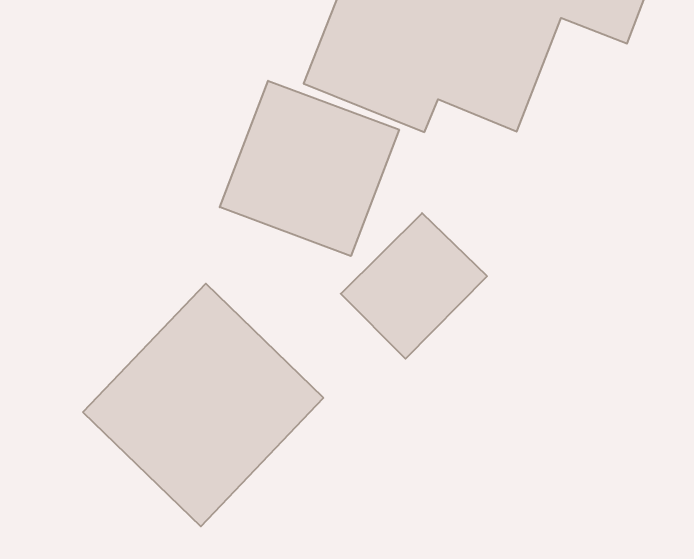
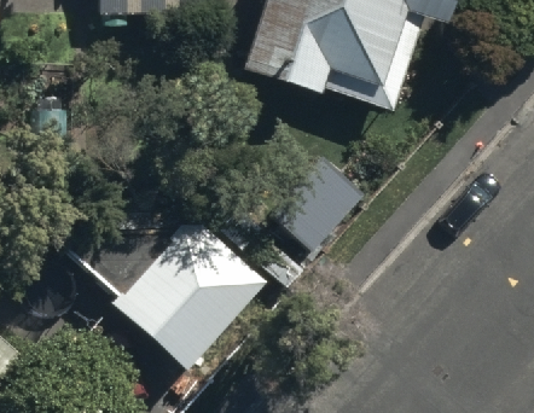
building: [220,81,399,256] -> none

